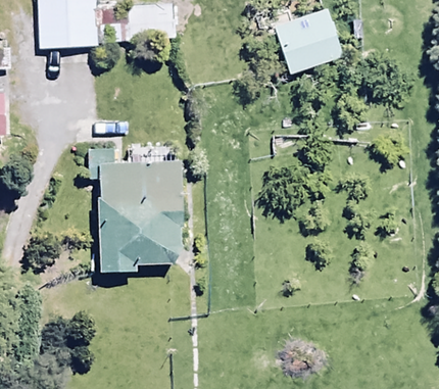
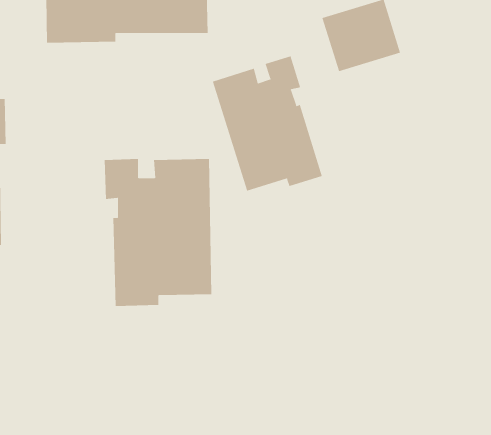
building: none -> [212,56,323,191]

